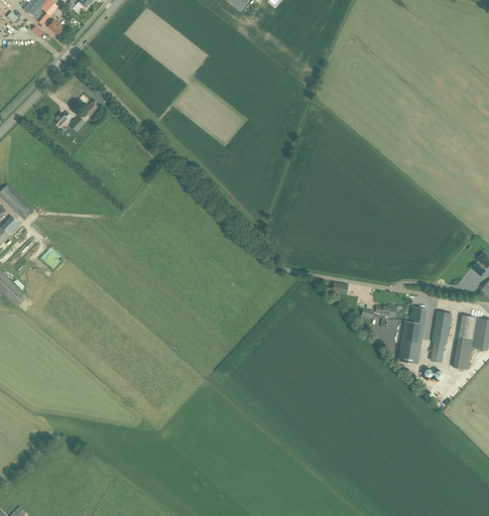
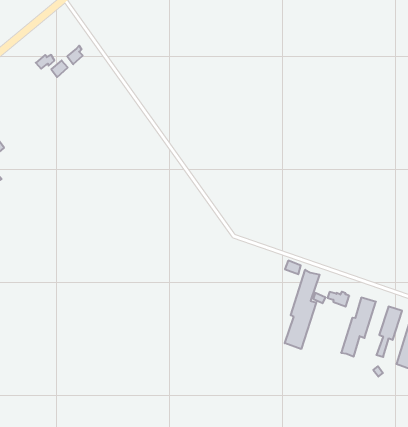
building: none -> [285,270,320,349]

